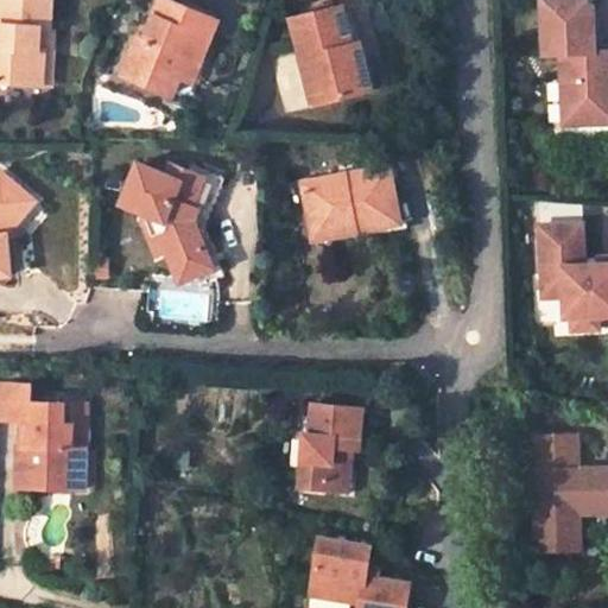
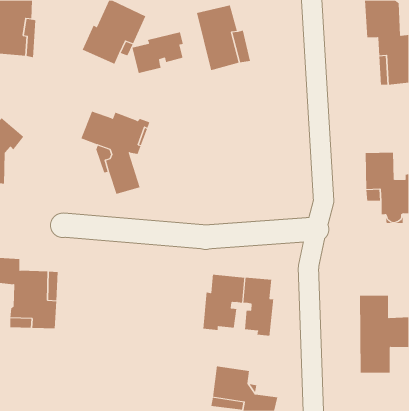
building: none -> [132,32,183,74]
building: [298,163,400,240] -> none
building: none -> [243,277,274,336]

